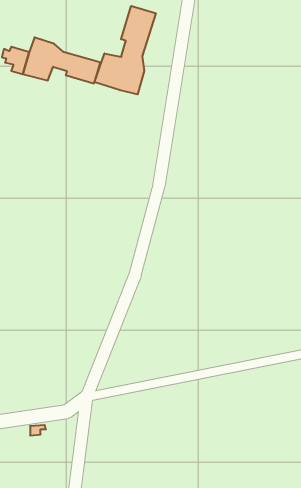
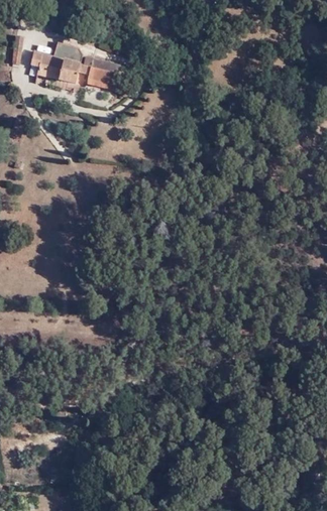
building: [94,6,156,94] -> none

